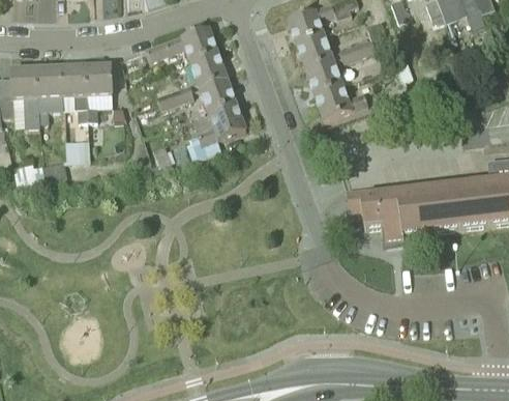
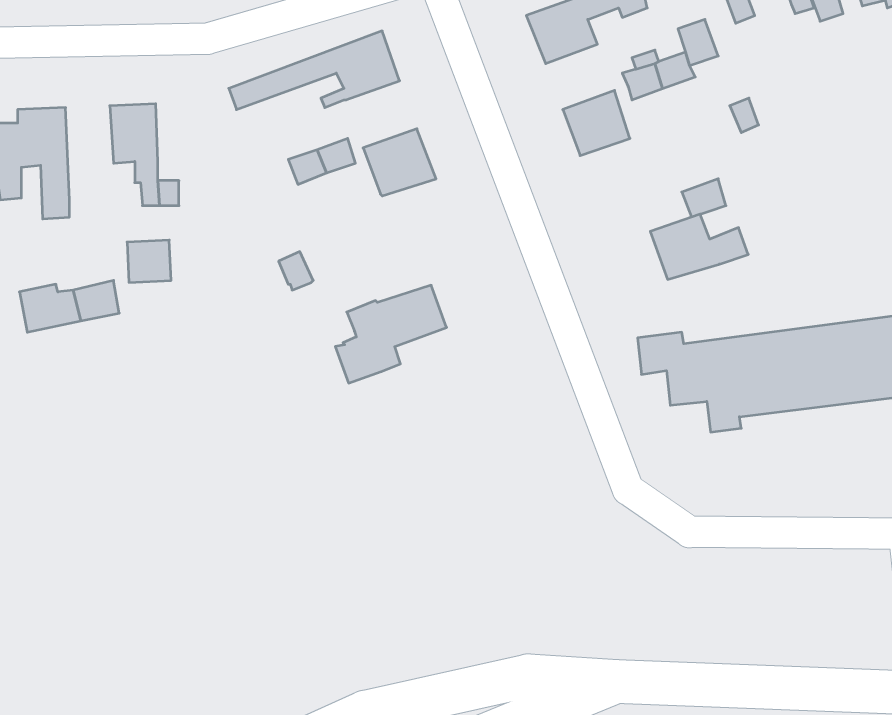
building: [296,33,333,68] -> none
building: [188,53,227,89] -> none
building: [86,64,112,96] -> none
building: [37,66,63,122] -> none
building: [315,84,367,119] -> [650,214,748,279]
building: [185,106,245,159] -> [335,285,447,383]

